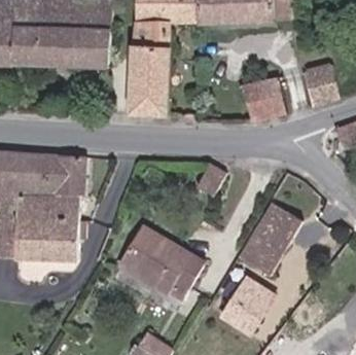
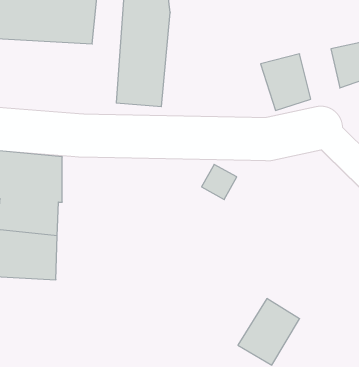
building: [238,202,302,275] -> none
building: [124,225,208,292] -> none

